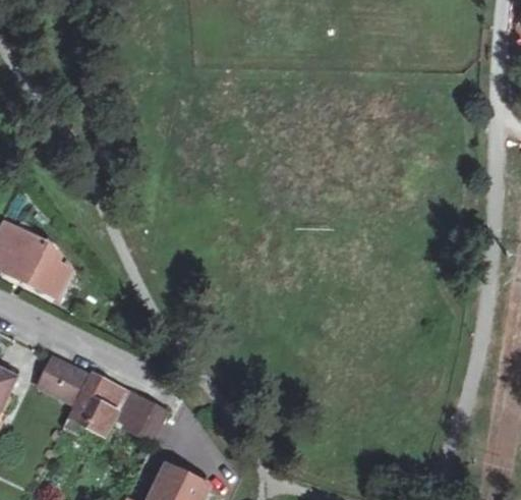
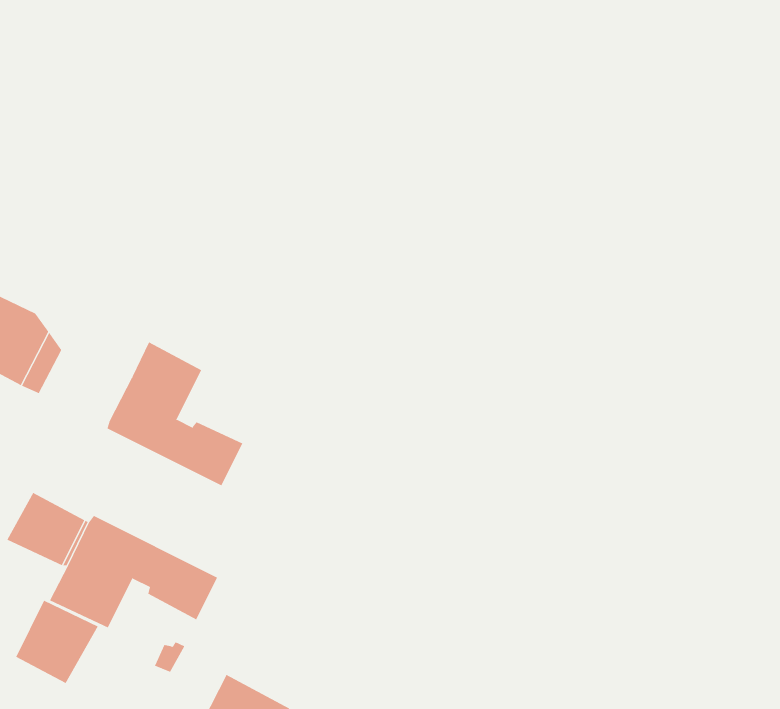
building: none -> [107,341,243,486]
building: none -> [15,600,99,684]

